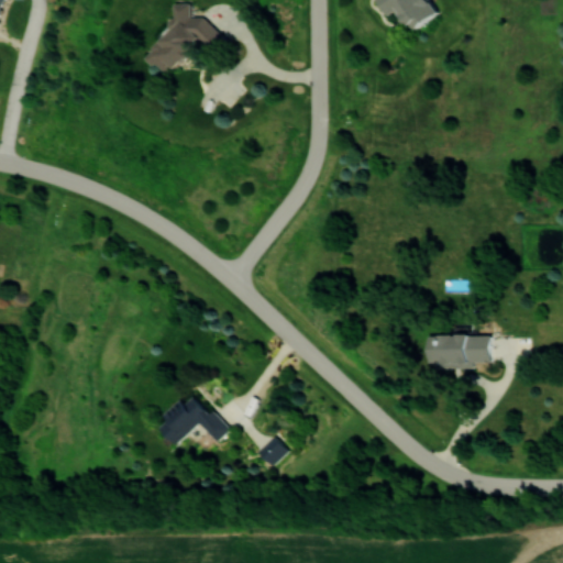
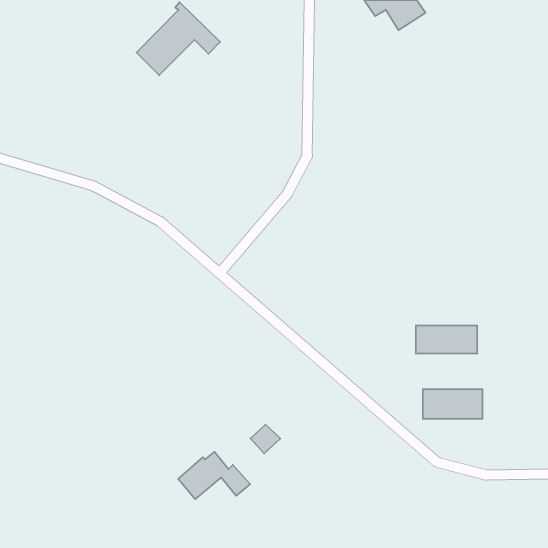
building: [155,396,229,444] -> [178,452,250,499]
building: none -> [423,389,482,419]

